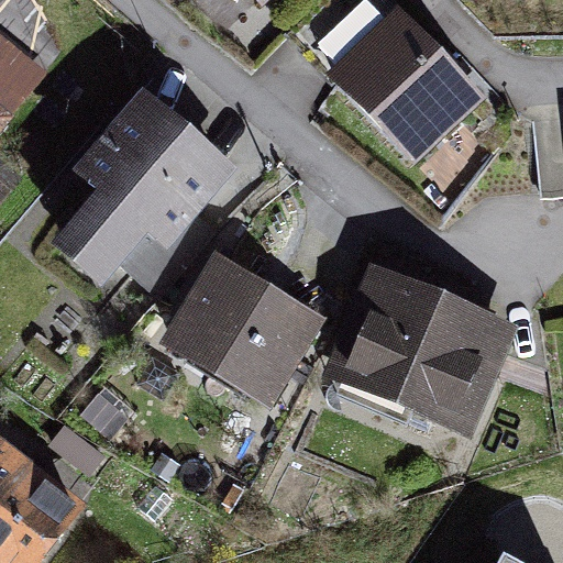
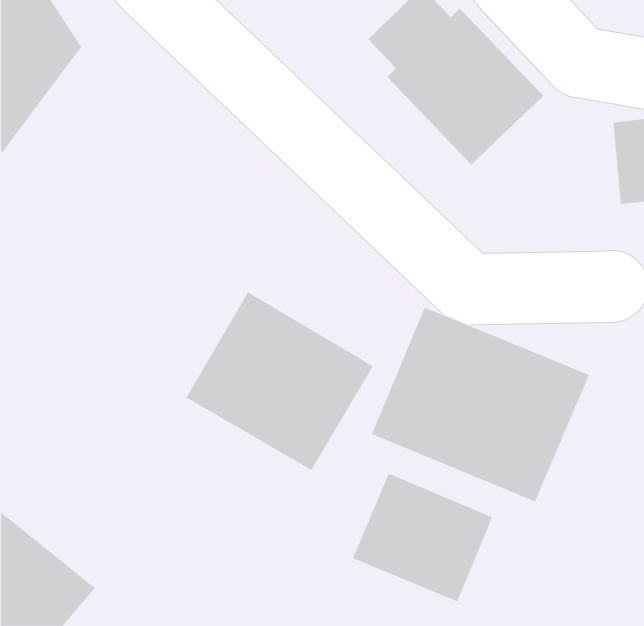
building: [47,86,234,290] -> none
building: none -> [352,473,493,602]

